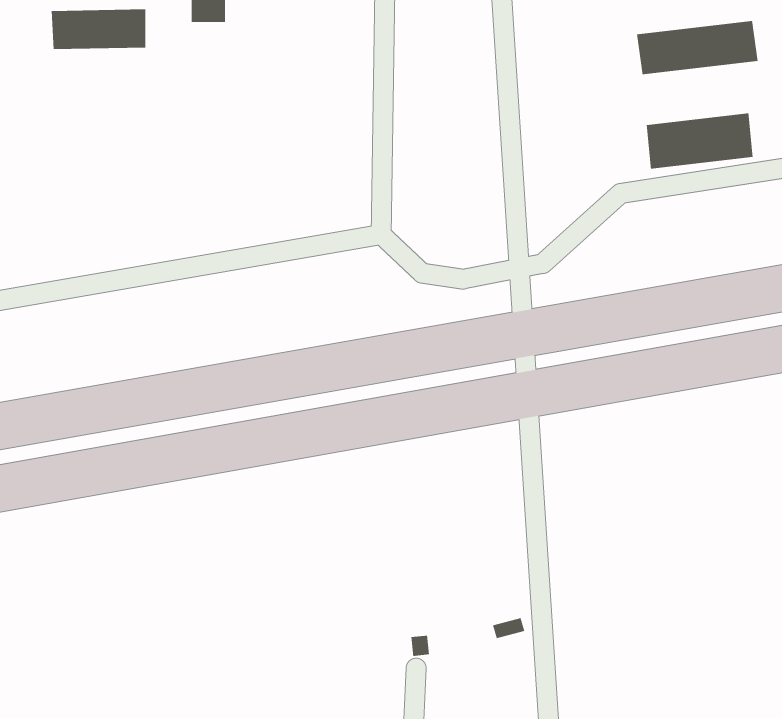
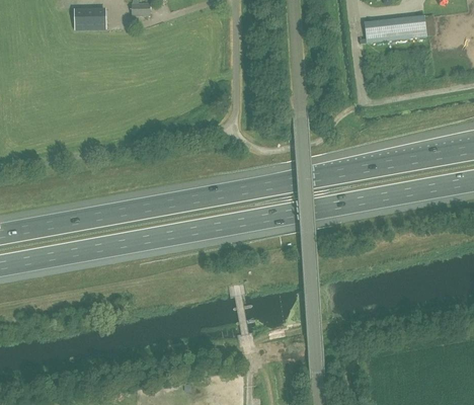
building: [646,112,753,169] -> none

